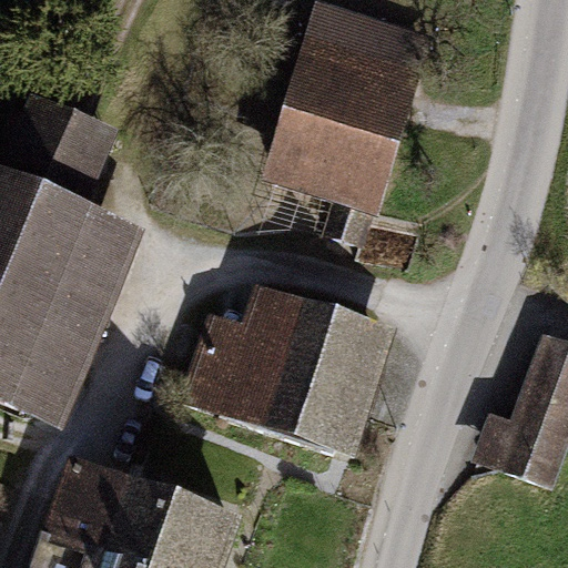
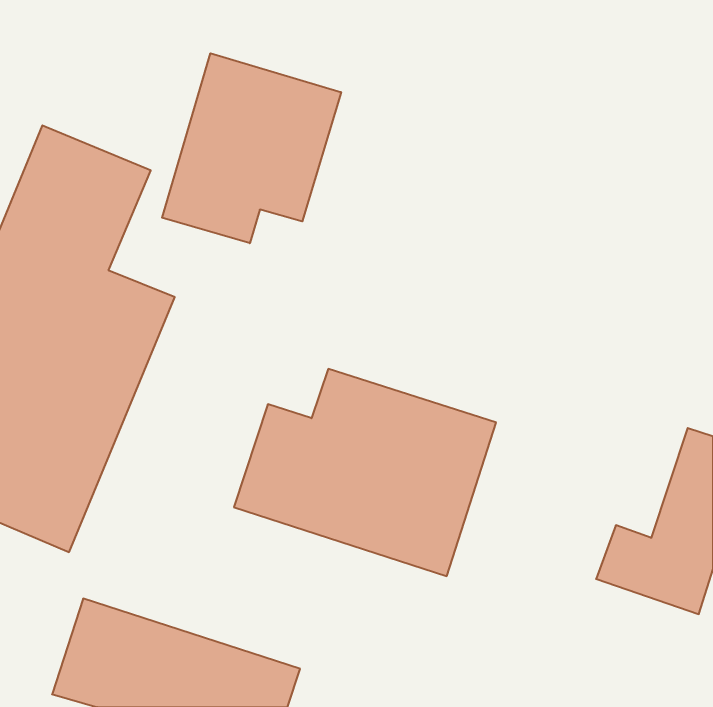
building: [268,4,435,211] -> none
building: none -> [162,53,341,243]

